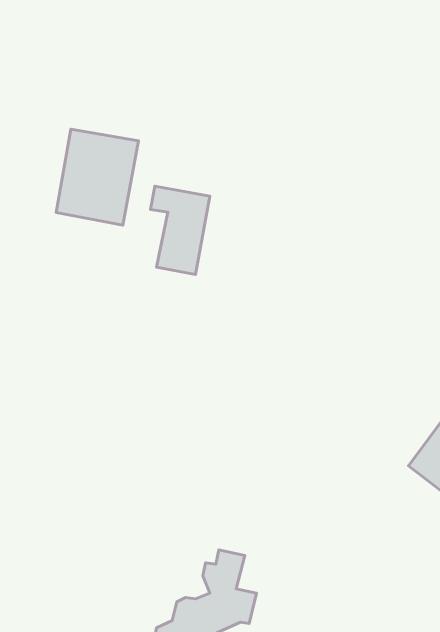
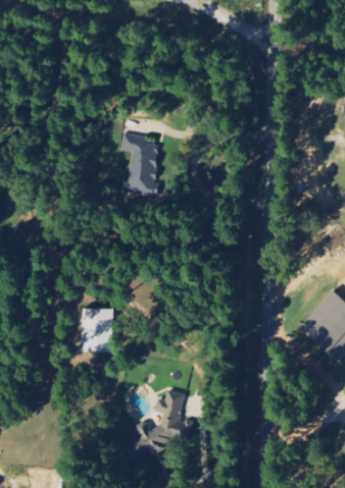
building: [56,129,138,225] -> none
building: none -> [81,307,112,351]

